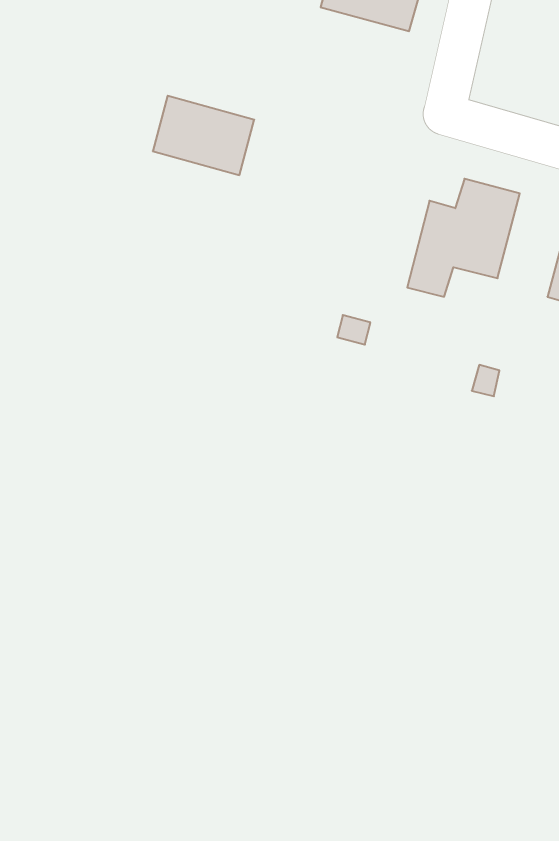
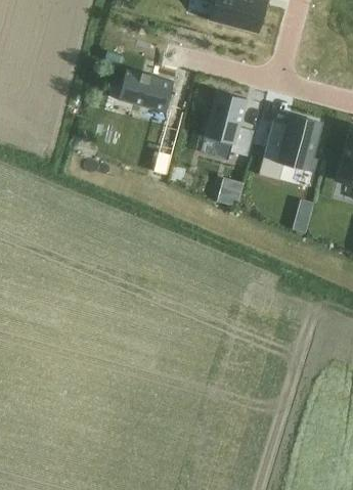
building: none -> [201,89,254,158]

